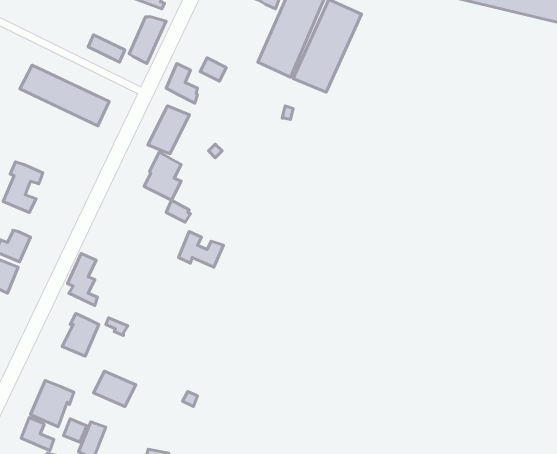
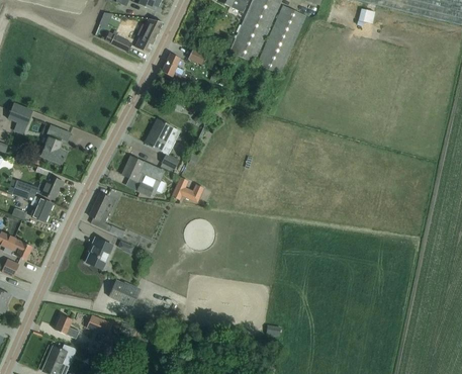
building: [20,65,109,126] -> none
building: [148,106,189,154] -> none
building: none -> [122,155,164,195]
building: [31,381,74,427] -> none

